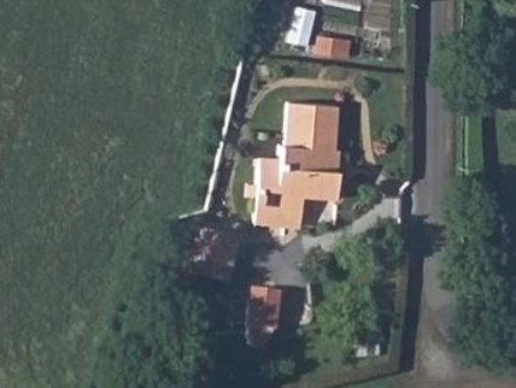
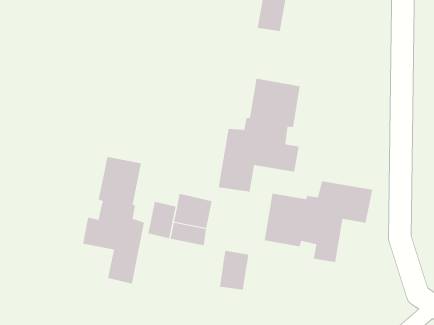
building: none -> [83,156,145,285]
building: none -> [264,180,373,263]

